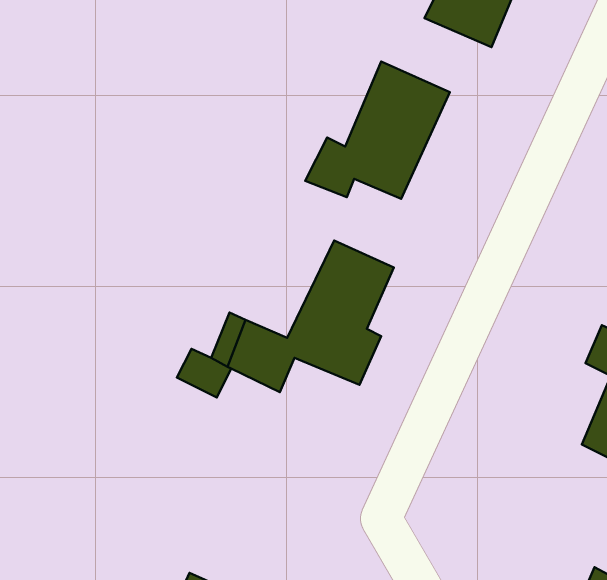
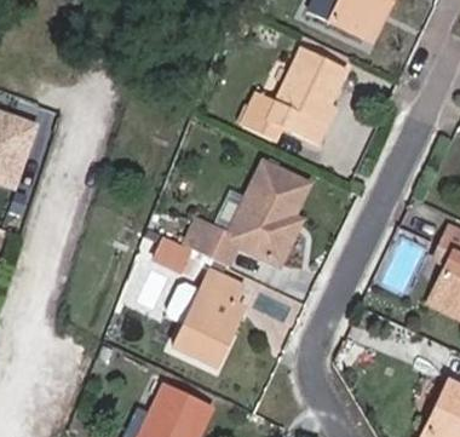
building: none -> [182,272,254,366]

